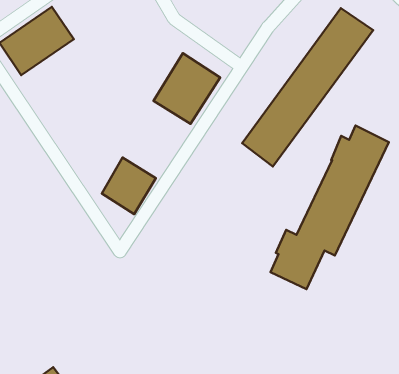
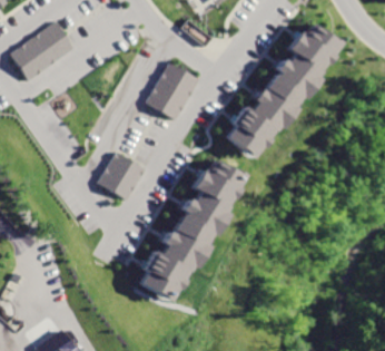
building: [271,126,389,289] -> [139,160,241,302]

